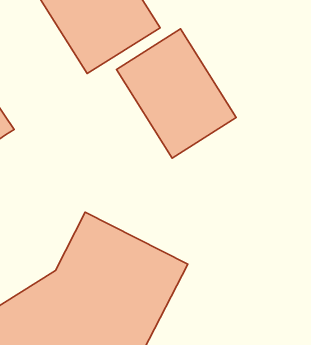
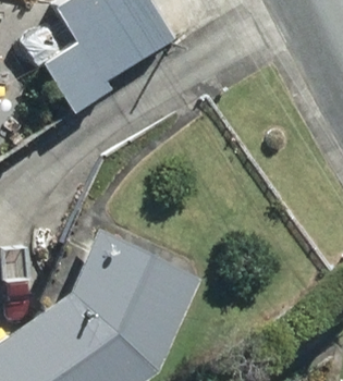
building: [117,29,236,158] -> none

